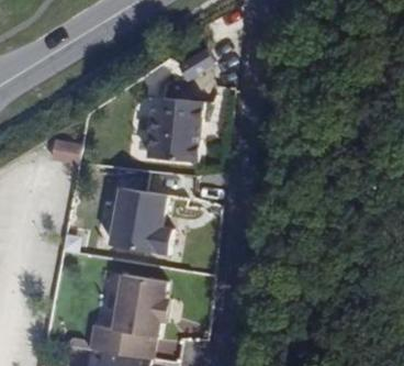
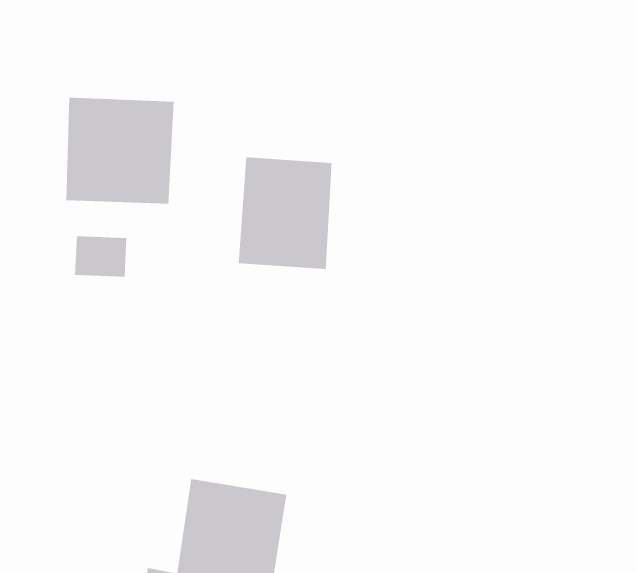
building: none -> [66,97,174,205]
building: [104,186,172,255] -> none

